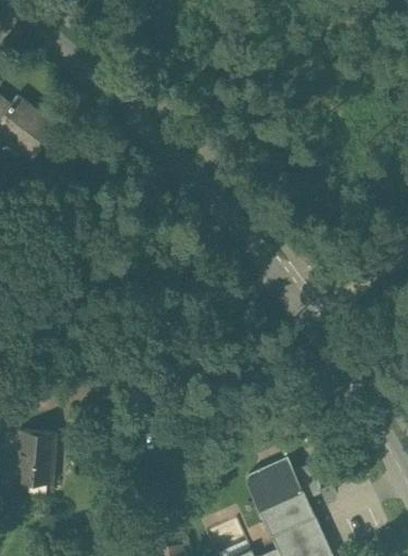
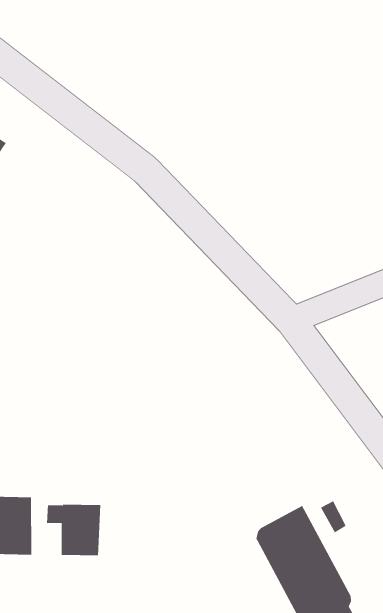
building: none -> [47,504,101,556]

